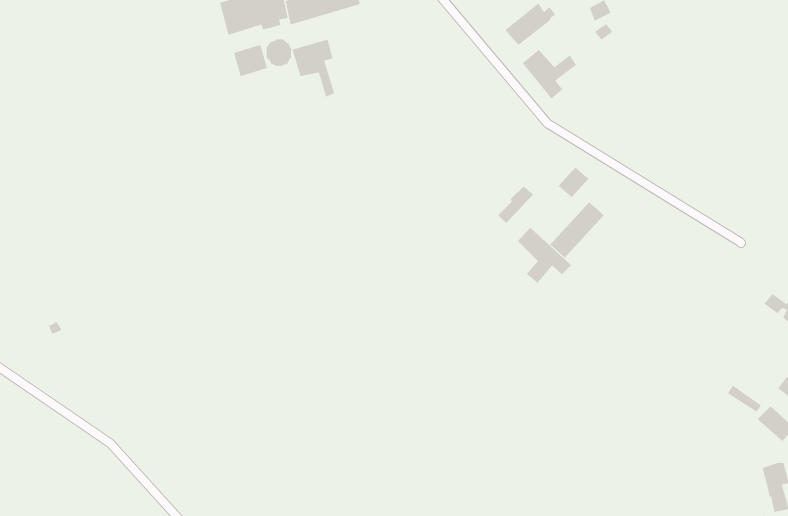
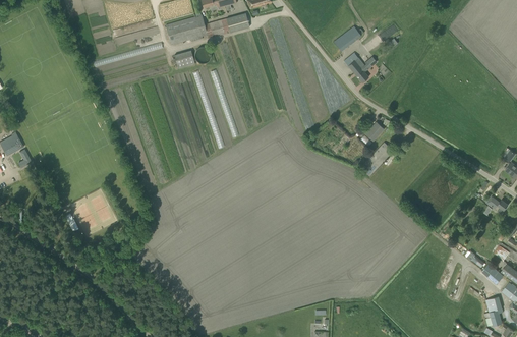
building: [292,39,335,98] -> none
building: [517,227,572,284] -> none

